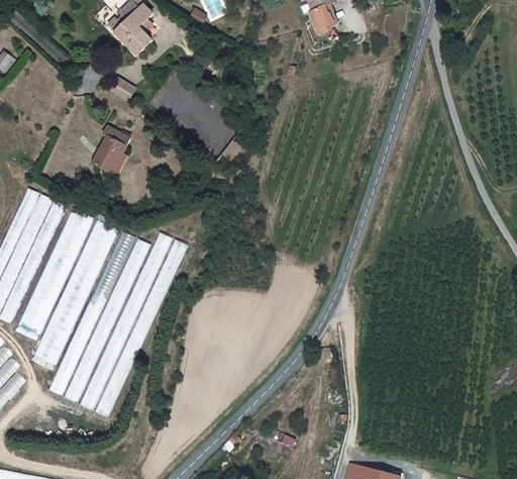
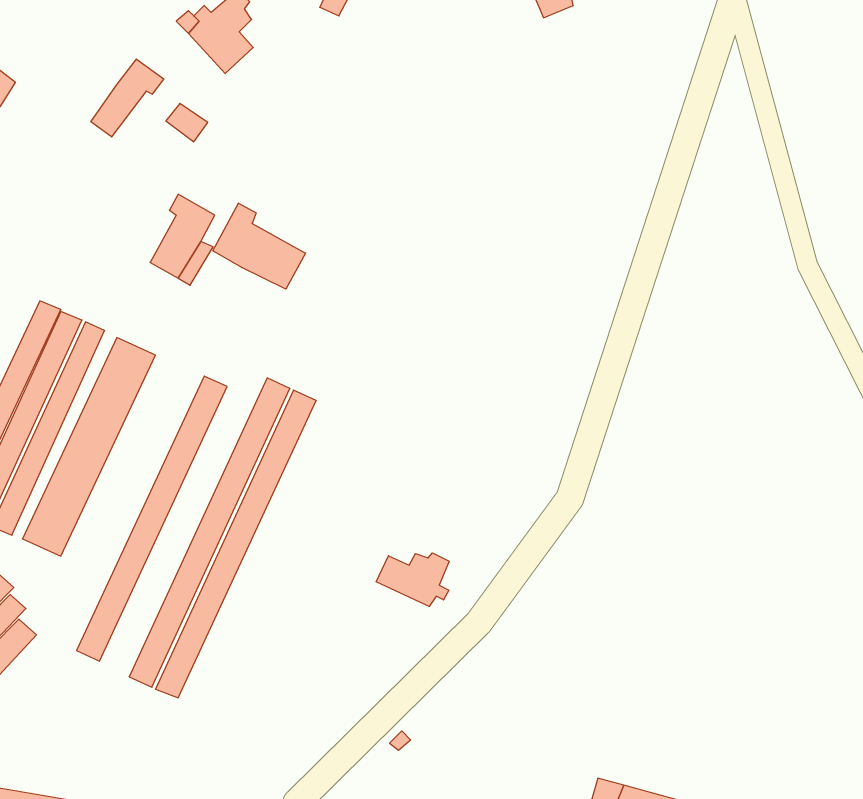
building: none -> [91,59,164,137]
building: none -> [213,203,306,289]
building: [33,220,118,365] -> none
building: [64,238,149,403] -> none
building: none -> [376,553,449,606]

